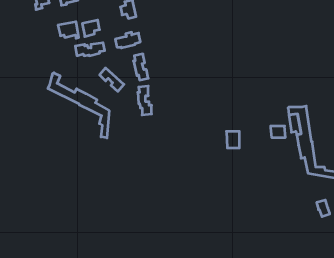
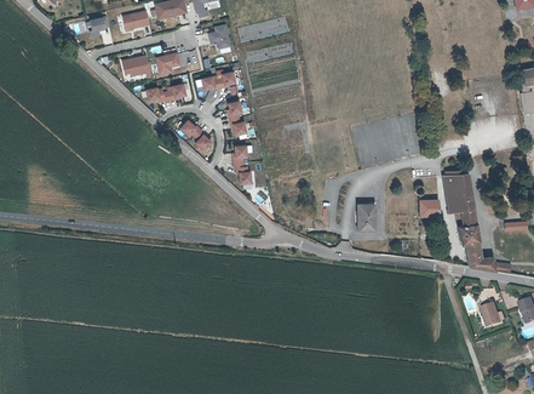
building: [48,73,109,138] -> none

